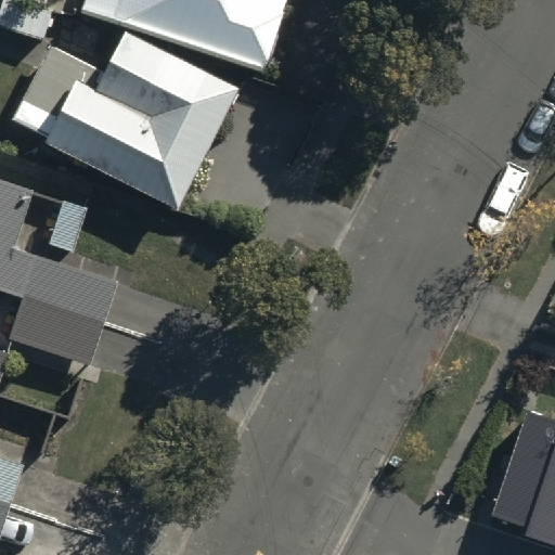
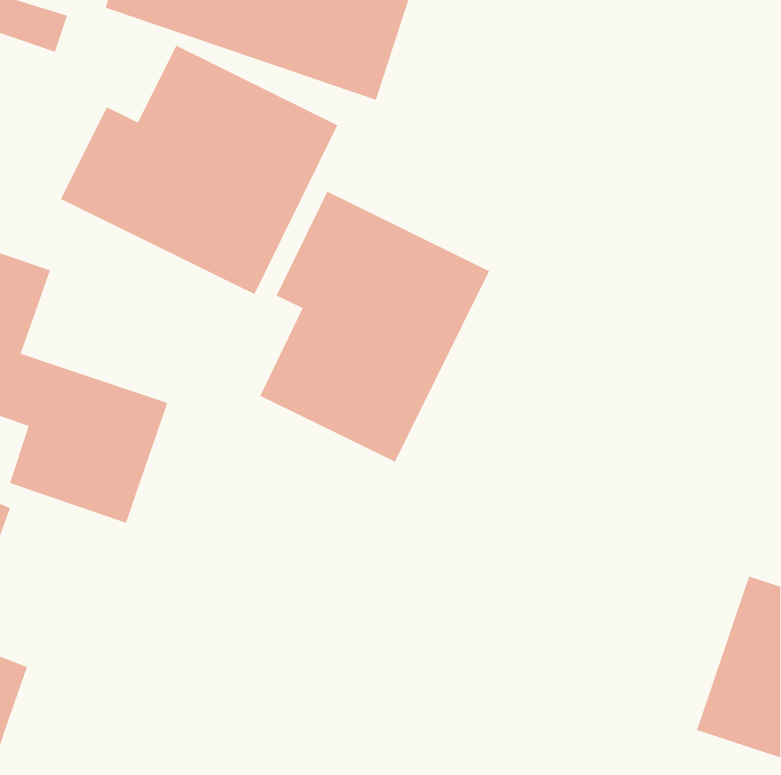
building: none -> [259,191,490,462]

